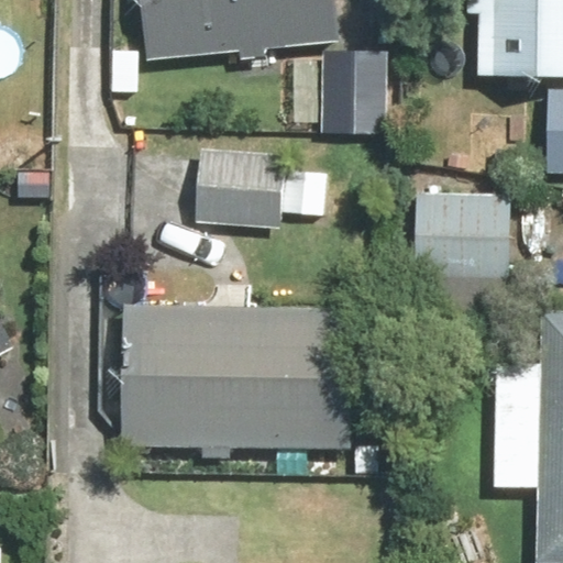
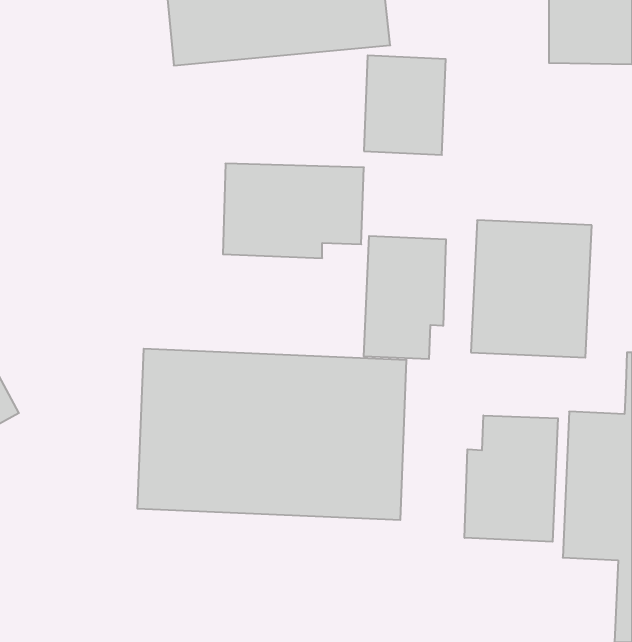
building: none -> [364,236,446,359]
building: none -> [465,415,558,542]

